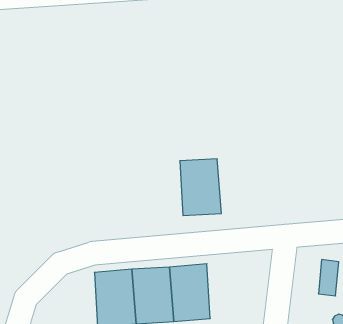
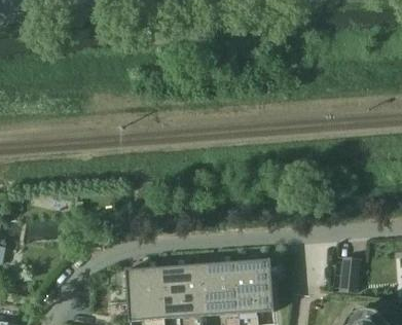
building: [180,159,221,216] -> [234,258,275,313]

